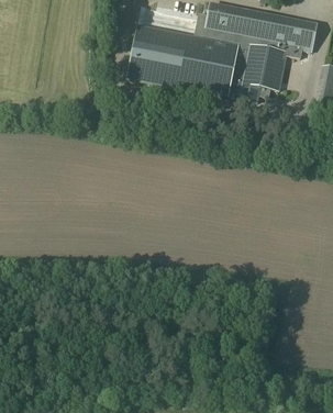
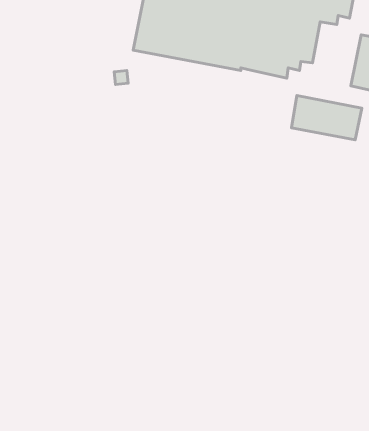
building: none -> [292,95,362,140]

